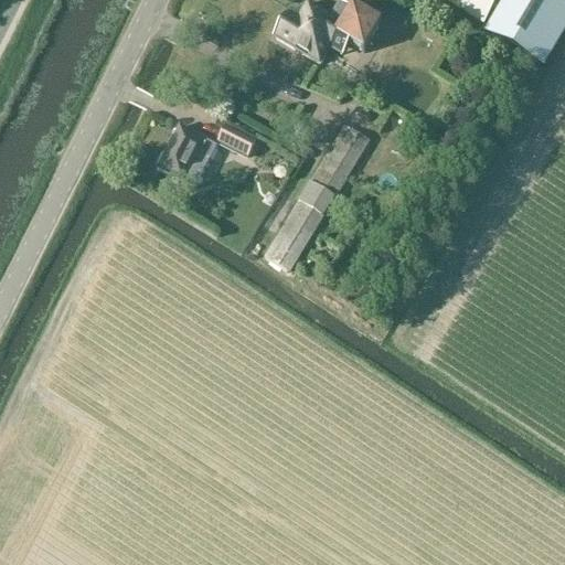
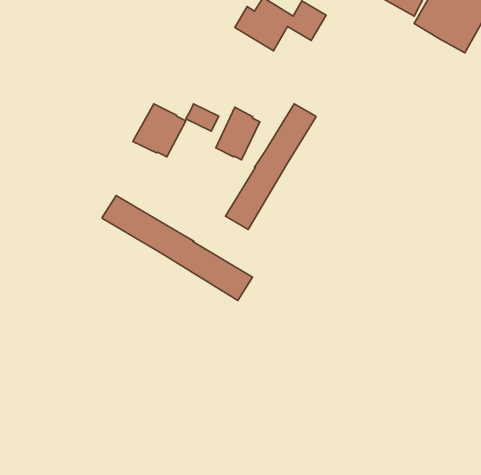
building: none -> [216,107,260,160]
building: none -> [102,195,253,300]

